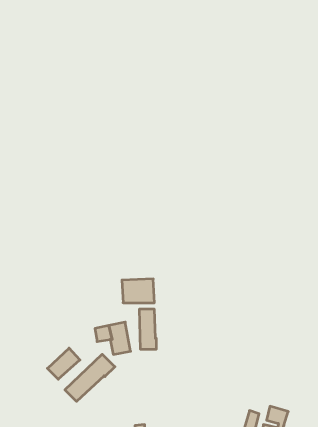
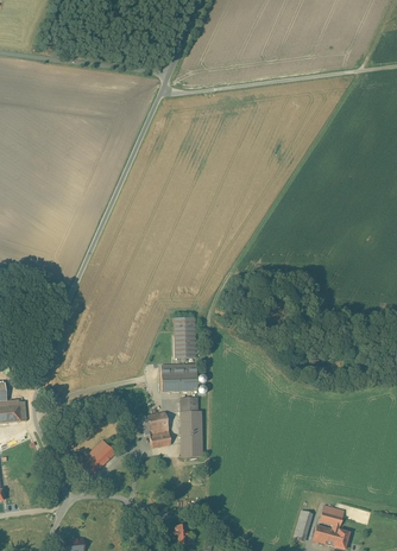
building: none -> [174,317,195,357]
building: [65,354,115,401] -> none

